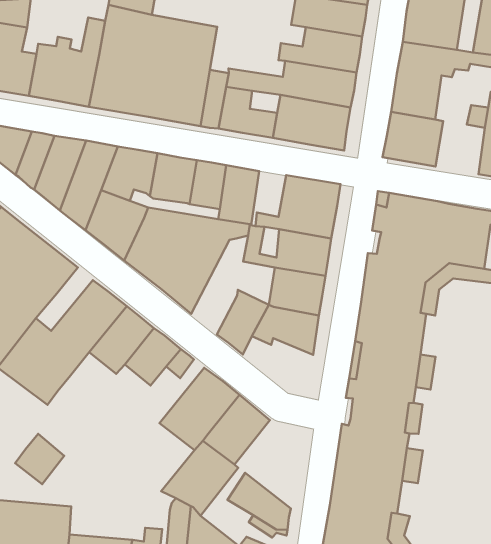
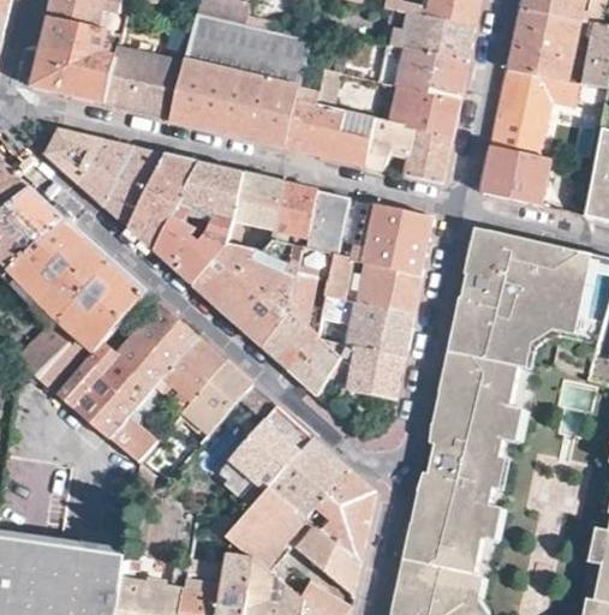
building: none -> [265,270,318,372]
building: none -> [303,467,375,563]
building: [15,434,64,484] -> [106,407,159,461]

